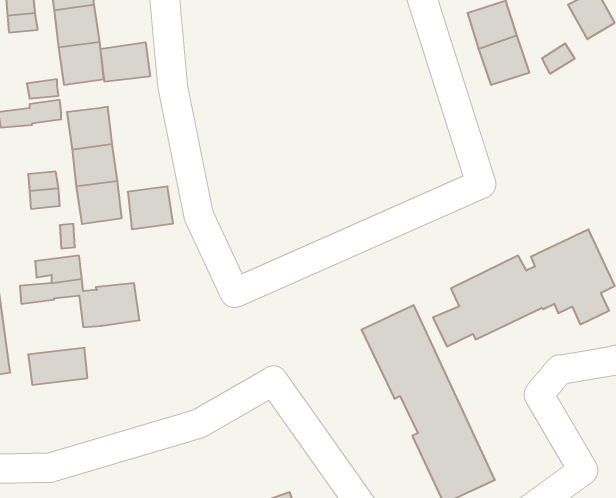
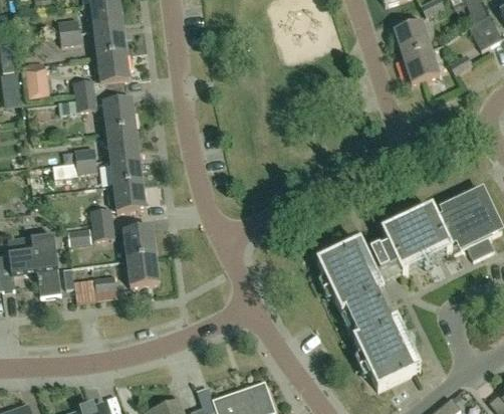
building: [100,42,150,82] -> none
building: [128,186,173,229] -> [113,181,147,212]
building: none -> [128,255,160,286]

